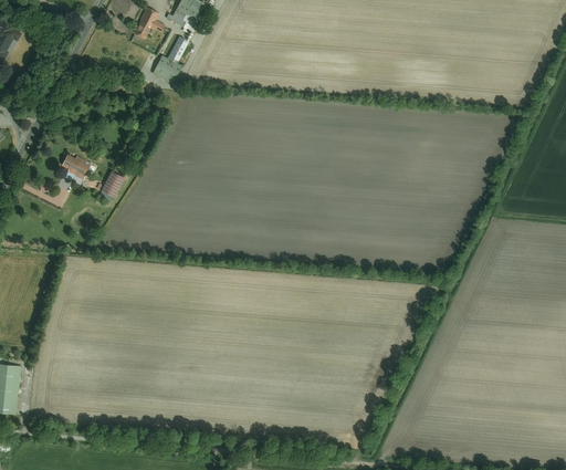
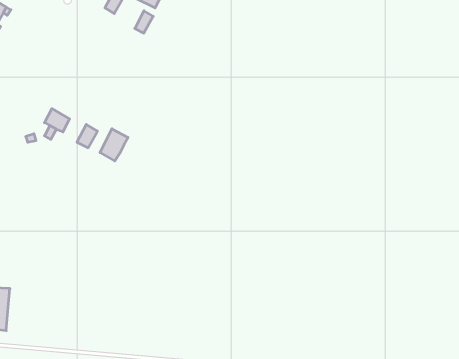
building: none -> [100,129,128,161]

